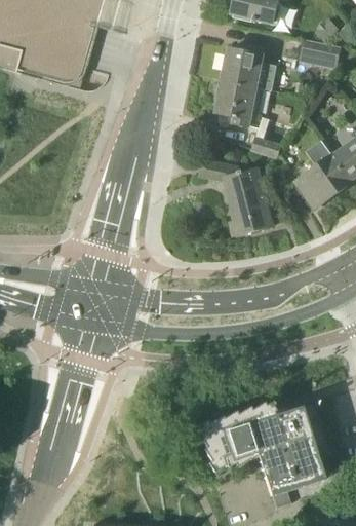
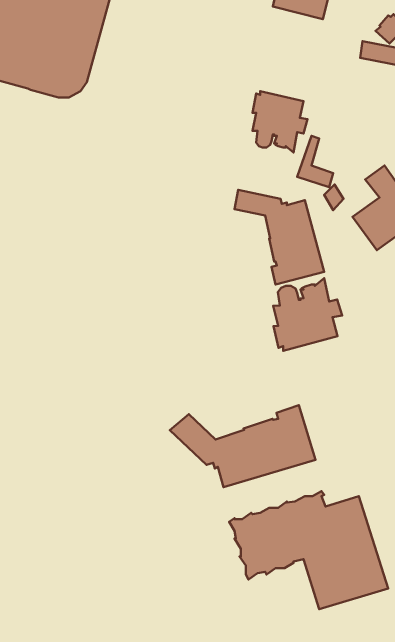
building: [222,46,277,91] -> none
building: none -> [273,278,342,351]
building: none -> [170,405,315,487]

